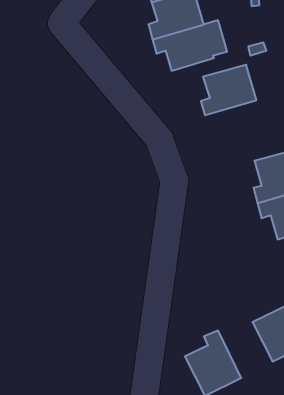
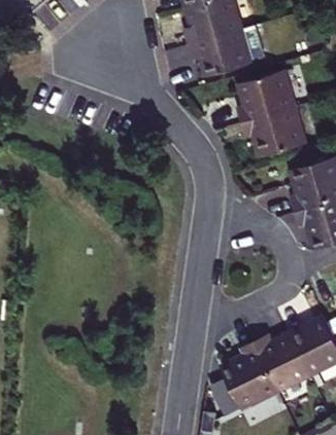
building: none -> [242,107,305,156]
building: none -> [256,333,311,390]

